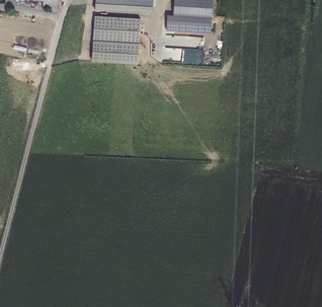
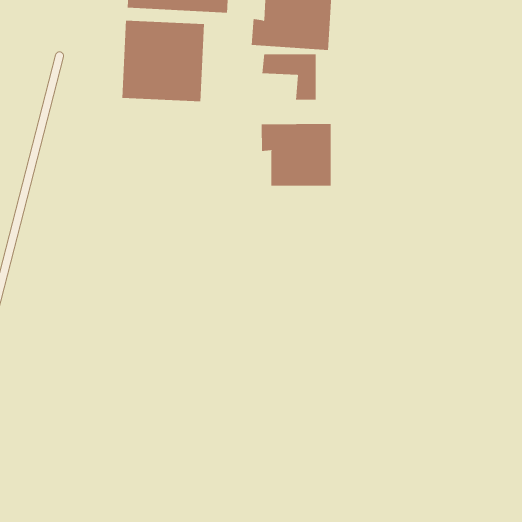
building: none -> [261,123,331,187]

